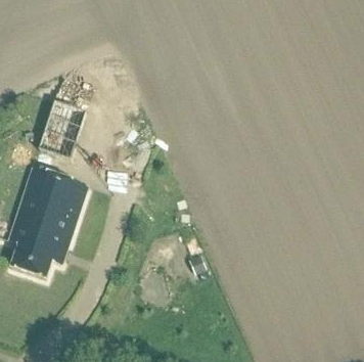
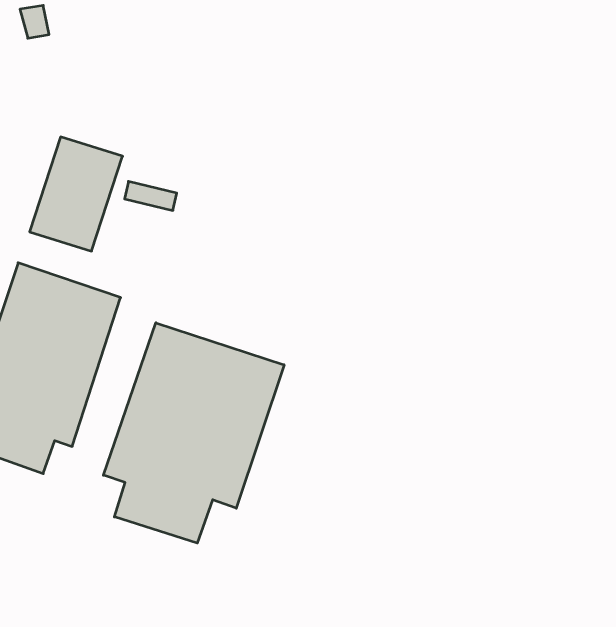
building: none -> [103,323,284,543]

